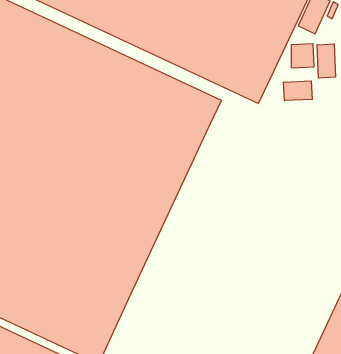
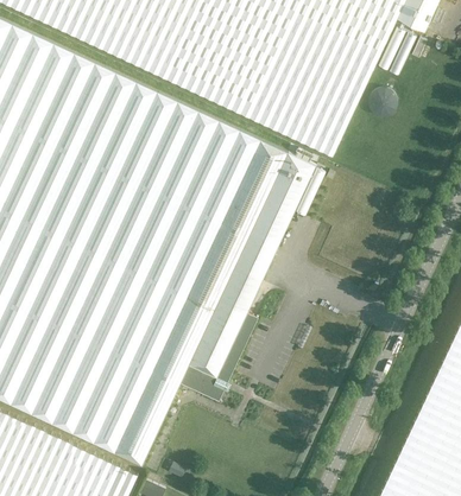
building: [317,44,336,78] -> none
building: [284,81,312,101] -> none
building: none -> [179,152,315,400]

